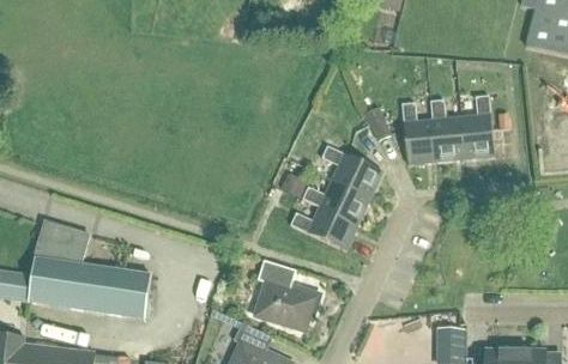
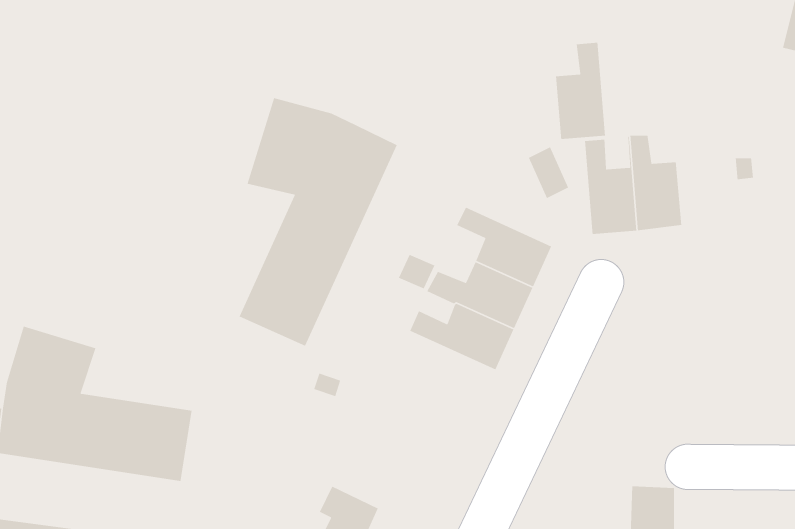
building: none -> [238,97,398,347]
building: [460,93,493,156] -> [555,42,606,140]
building: [253,257,319,329] -> none

